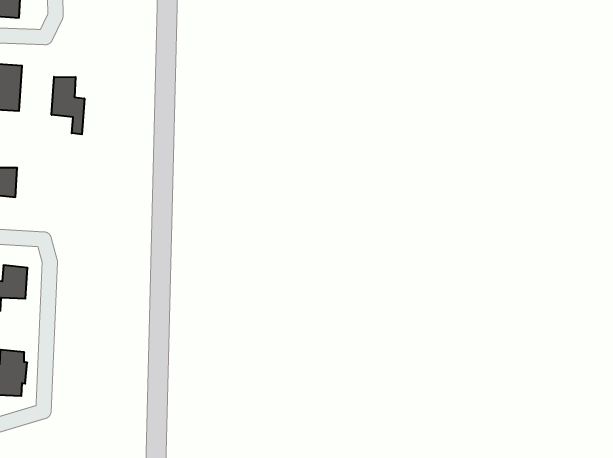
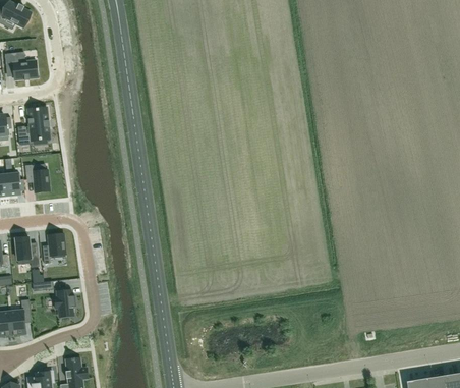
building: [52,77,84,134] -> none

